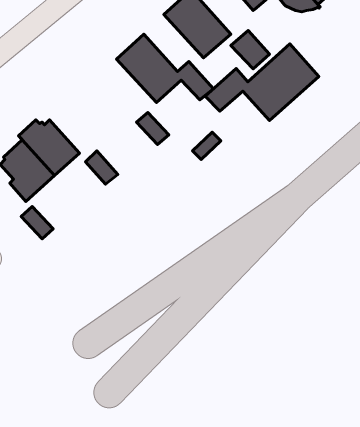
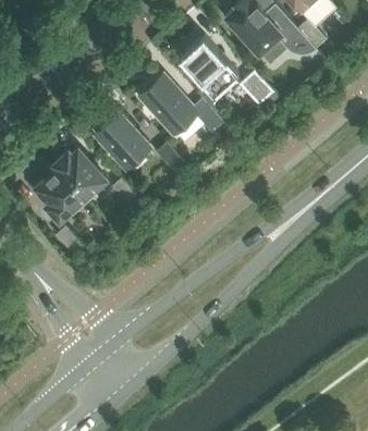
building: [205,44,319,120] -> none
building: none -> [94,111,148,167]

